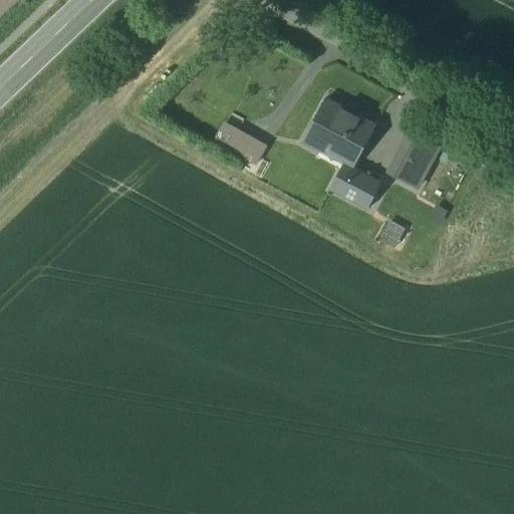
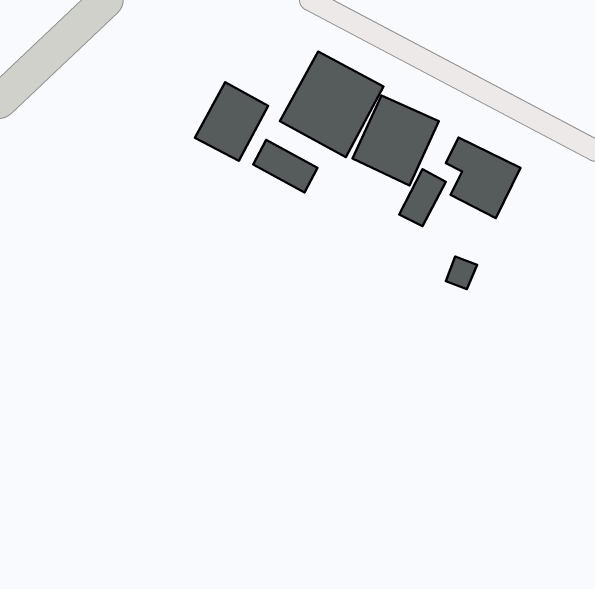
building: none -> [280,52,383,157]
building: none -> [195,82,268,161]

